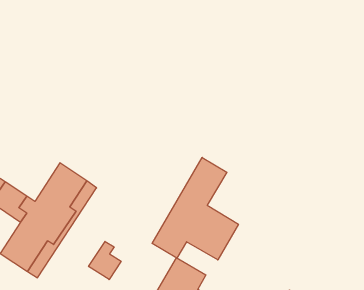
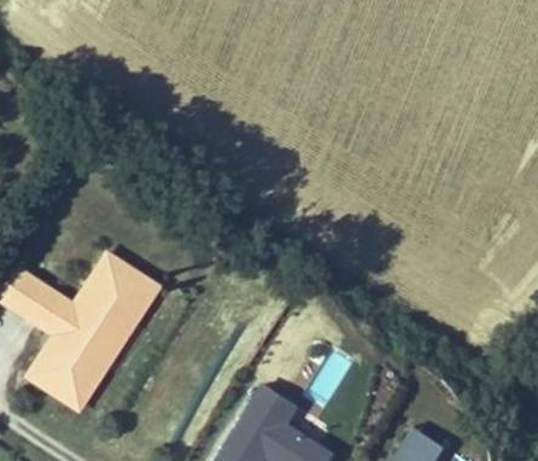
building: [152,157,238,260] -> none
building: [89,241,121,280] -> none

